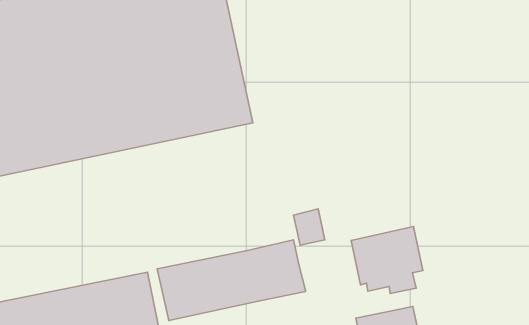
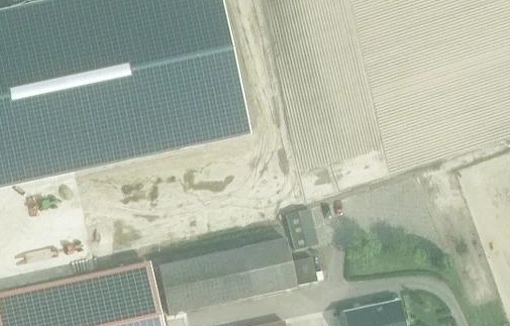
building: [351,226,423,294] -> none
building: none -> [292,257,318,286]

